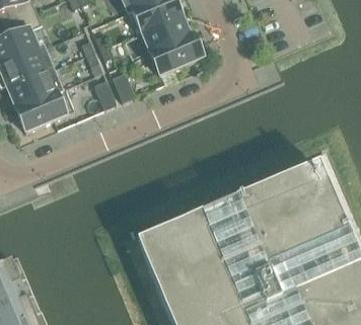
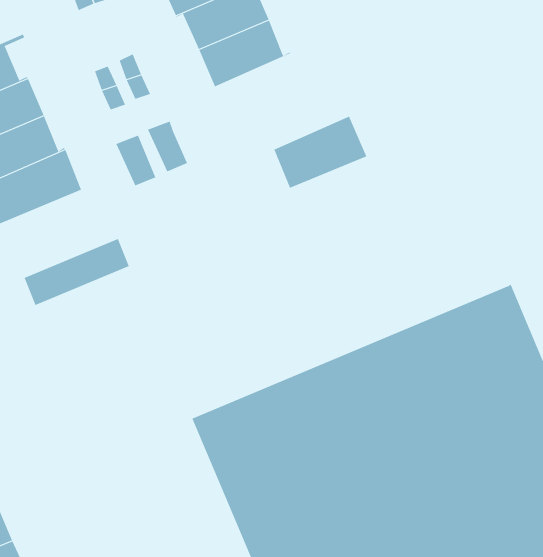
building: [150,31,204,73] -> [274,116,367,188]
building: none -> [24,238,129,306]

